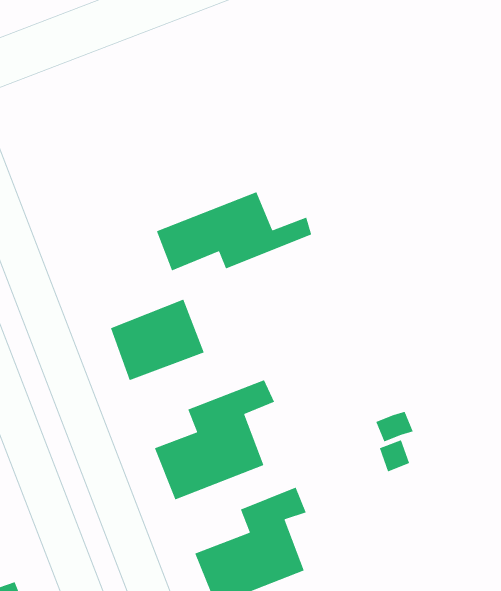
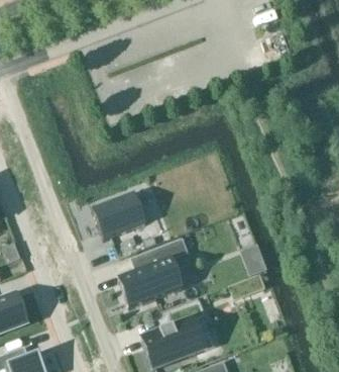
building: [156,191,312,271] -> none

